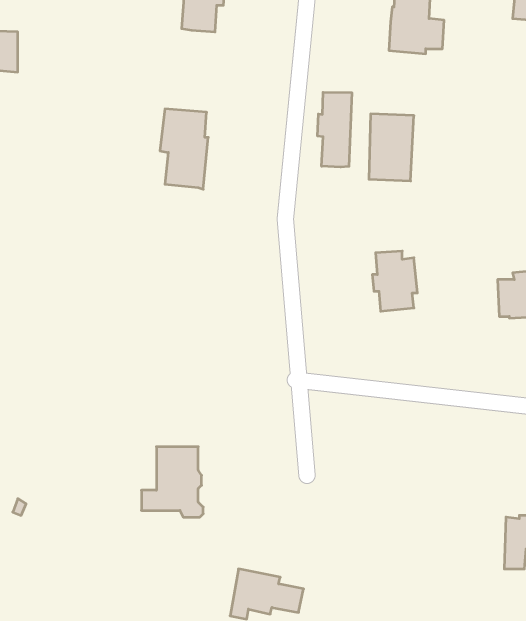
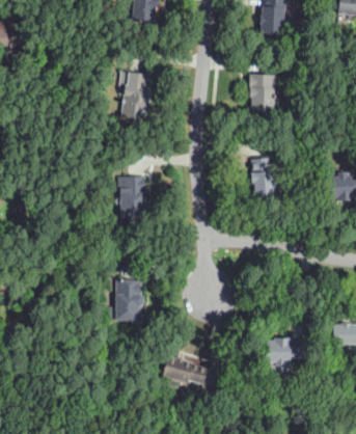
building: [318,92,352,167] -> none
building: none -> [118,178,144,218]
building: none -> [266,337,305,374]

